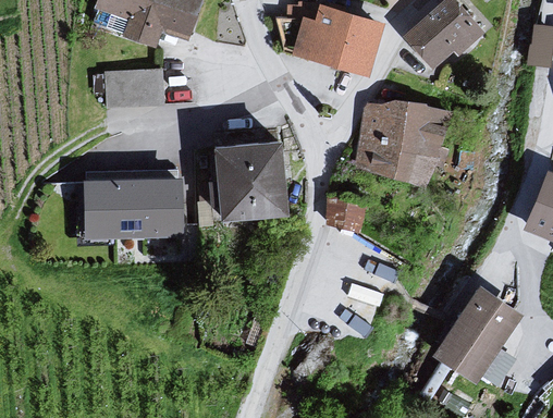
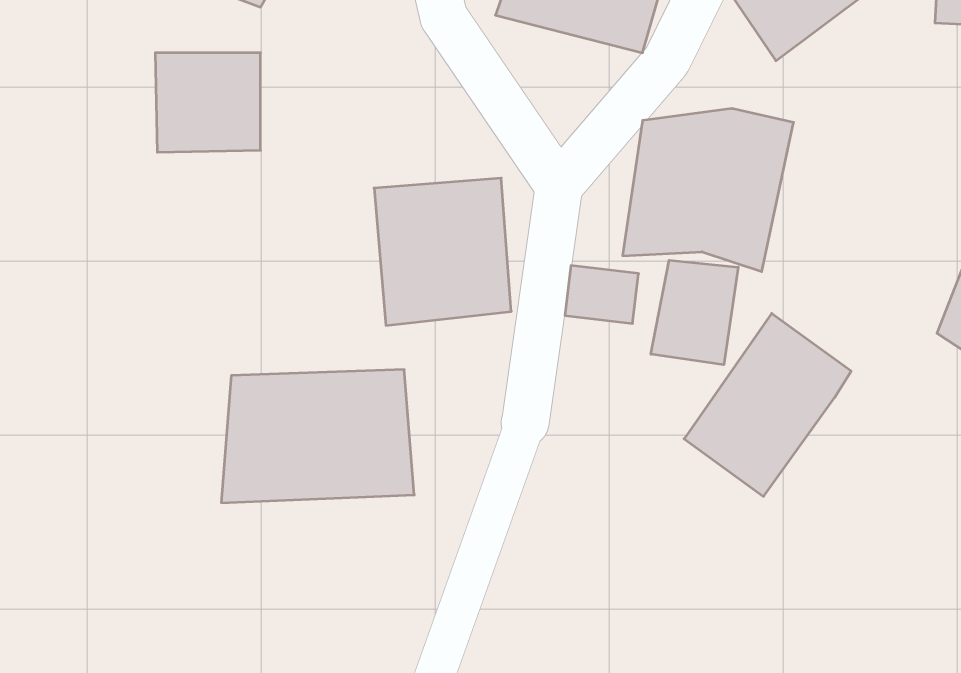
building: [73,168,179,241] -> [221,370,414,503]
building: none -> [651,260,738,365]
building: [431,286,523,386] -> [684,313,851,496]

